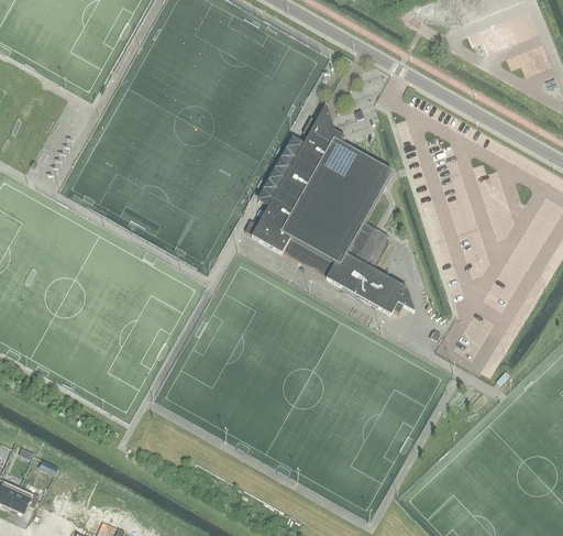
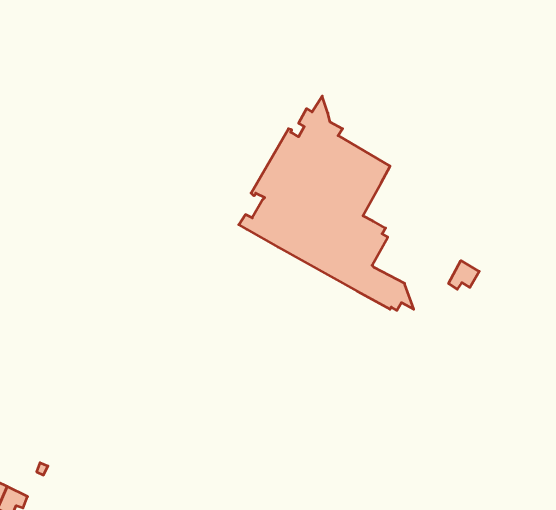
building: none -> [449,261,479,289]

